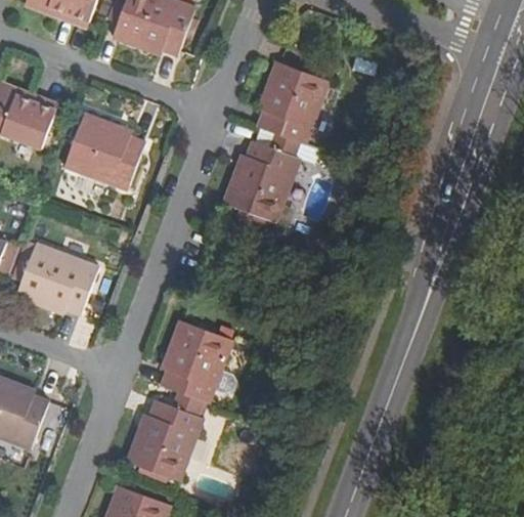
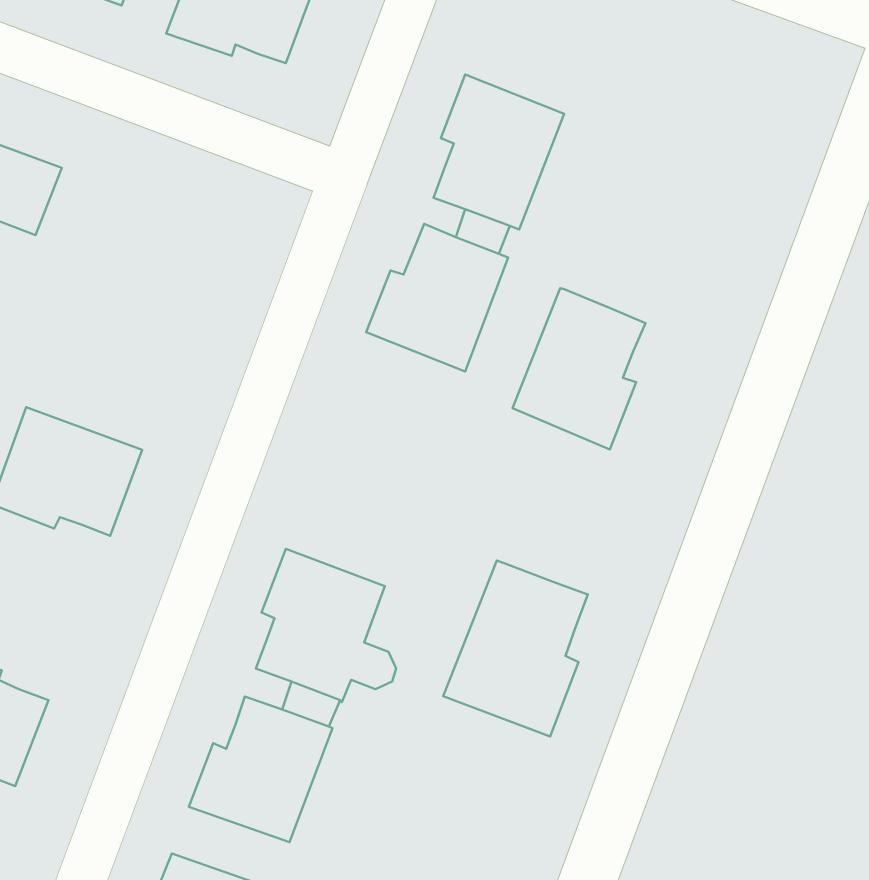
building: [62,114,143,191] -> none
building: none -> [512,288,645,450]
building: none -> [443,560,588,737]

